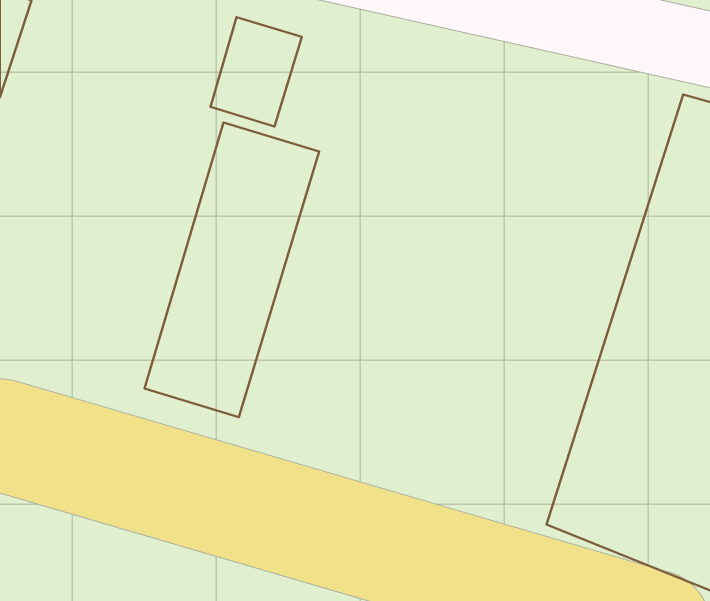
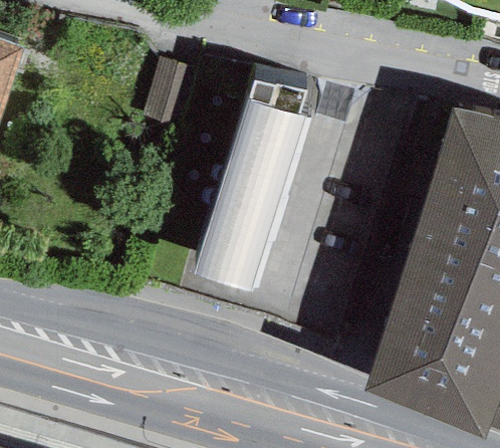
building: [145,123,319,417] -> [196,96,311,291]

